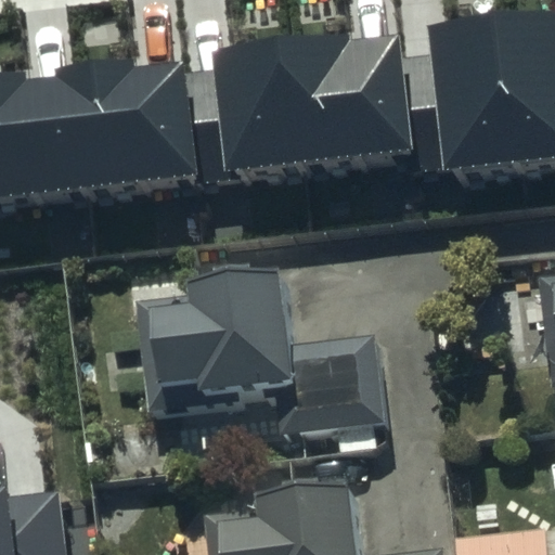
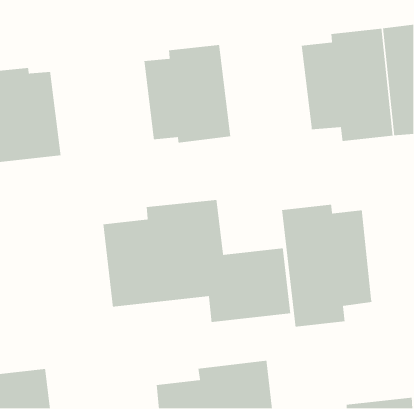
building: [291,51,411,181] -> none
building: [66,76,204,206] -> none
building: none -> [281,204,373,327]

